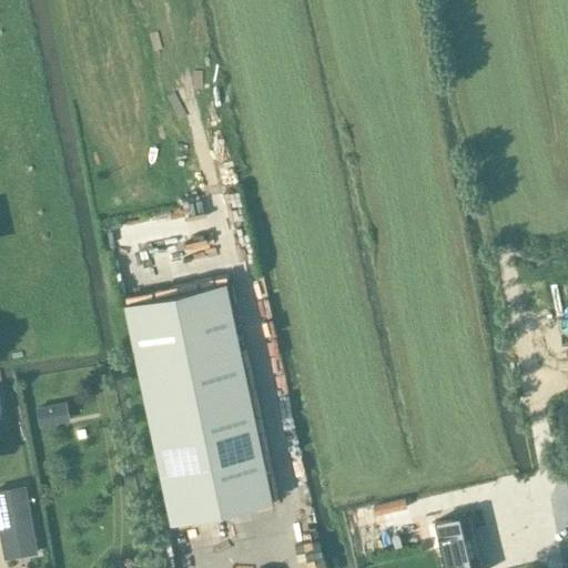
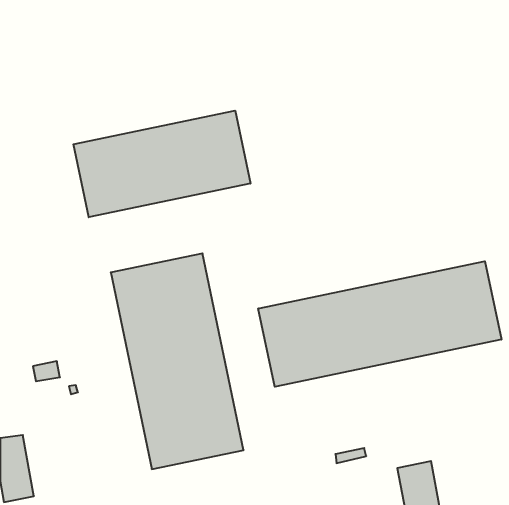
building: none -> [73,111,250,217]
building: none -> [258,261,501,387]

